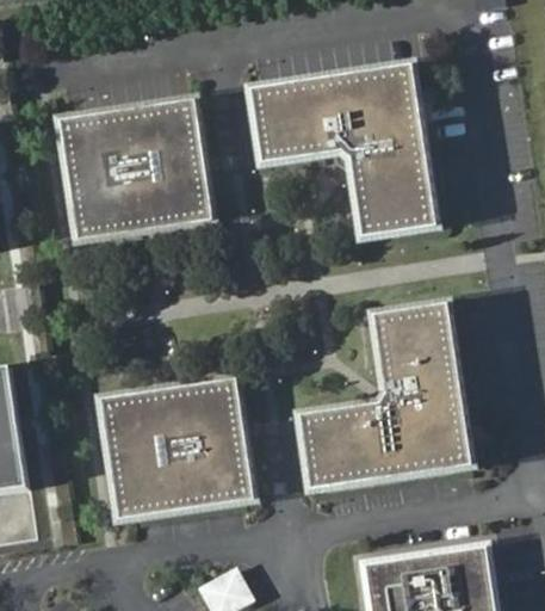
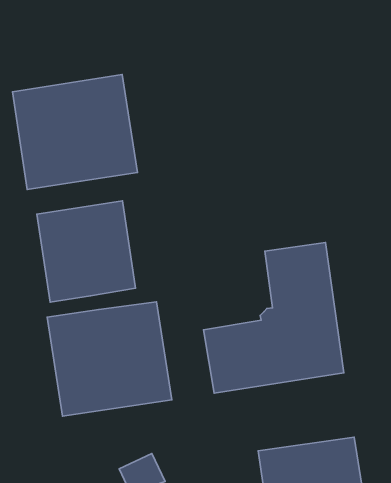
building: [250,63,434,236] -> none
building: none -> [37,201,135,302]

